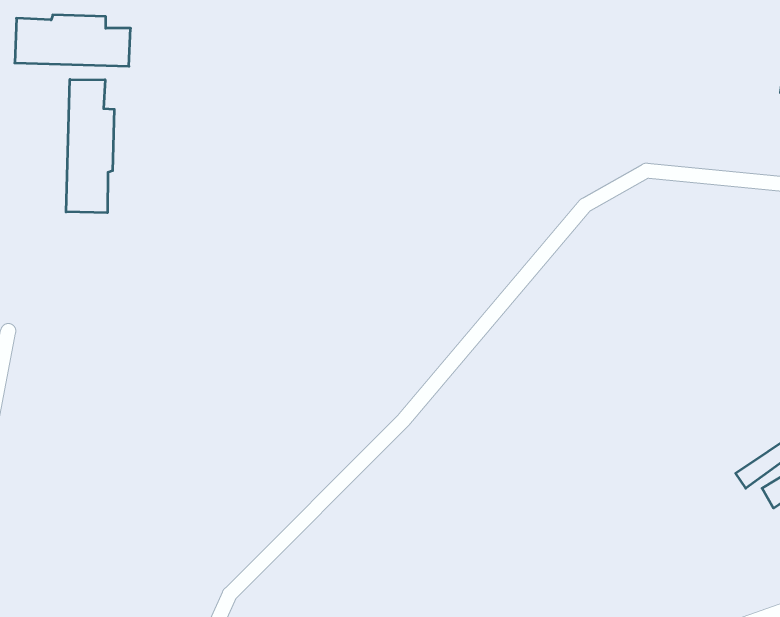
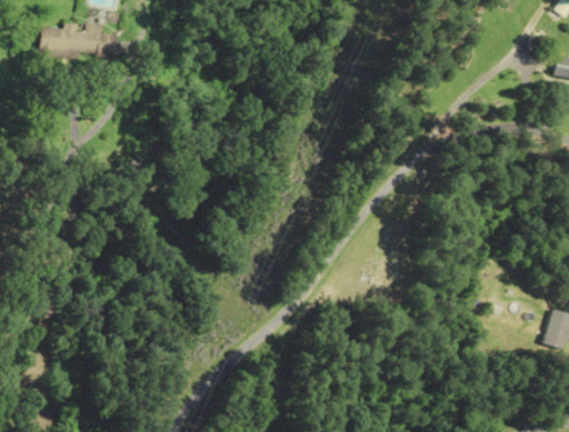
building: [66,79,114,213] -> none

